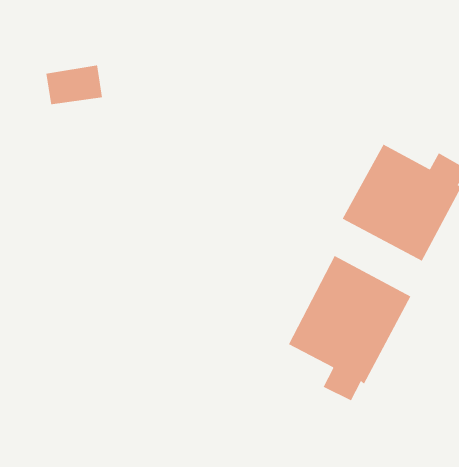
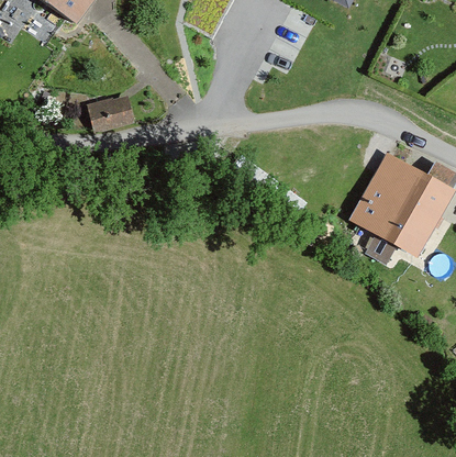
building: [288,255,411,401] -> none

